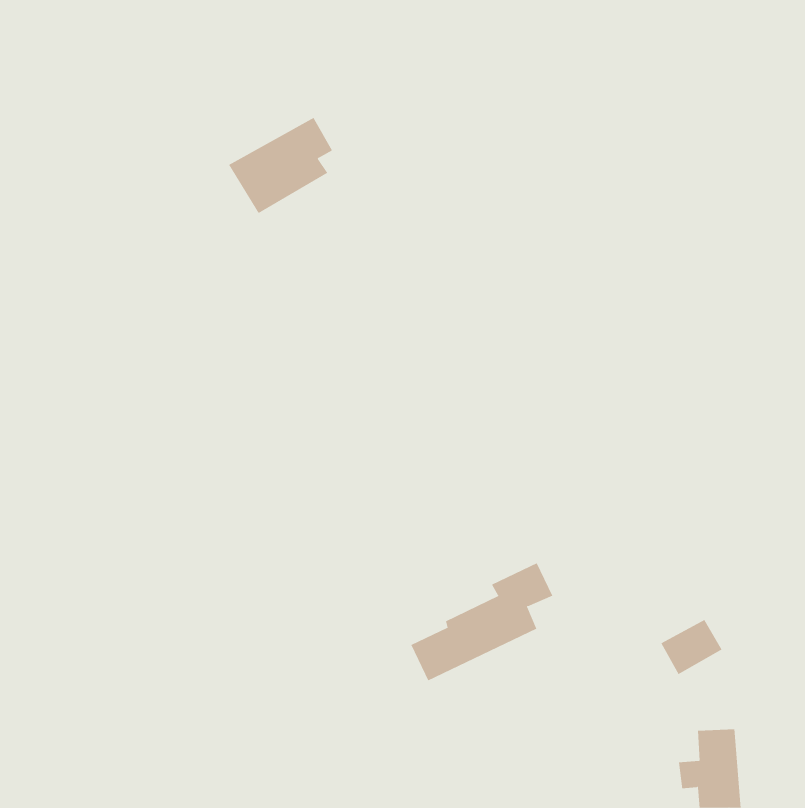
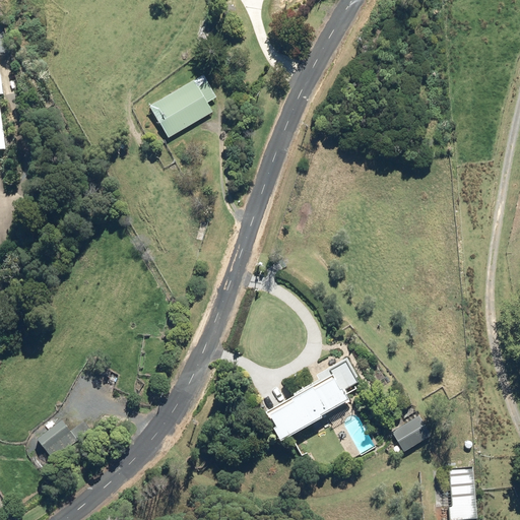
building: [661,619,722,675] -> [392,415,432,451]
building: none -> [37,419,90,454]

